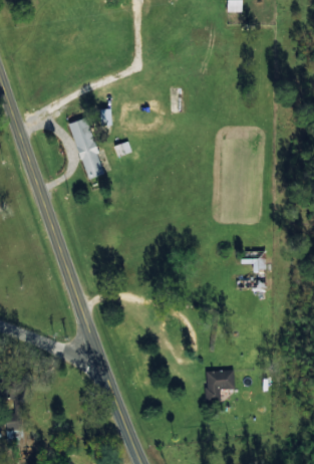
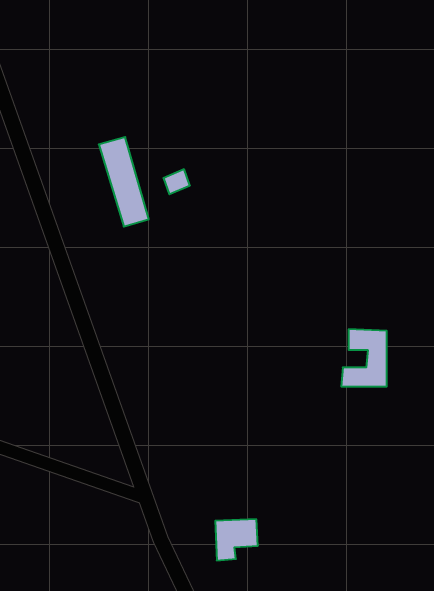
building: [206,371,235,399] -> [215,519,258,560]

